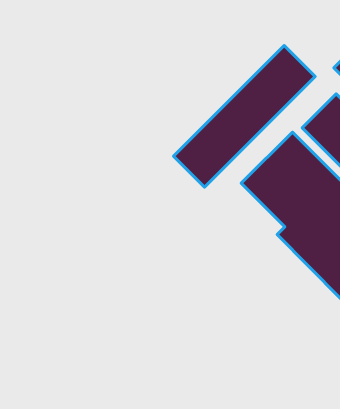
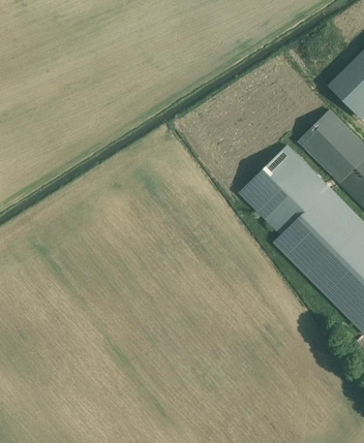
building: [173,45,315,187] -> none

